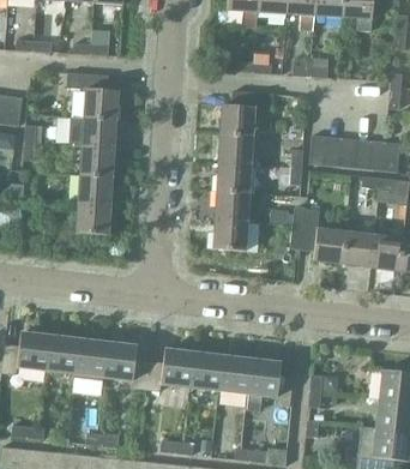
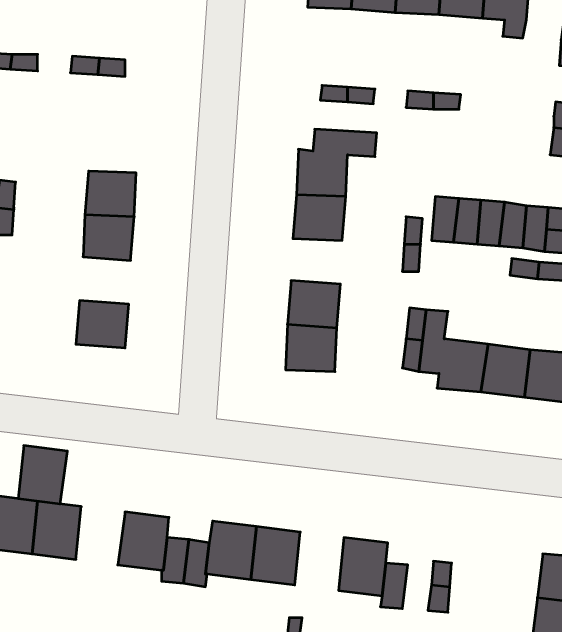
building: [68,72,119,119] -> none
building: [218,162,252,192] -> none
building: [79,174,113,205] -> none
building: [77,338,109,377] -> [18,446,67,504]
building: [221,355,253,393] -> none

